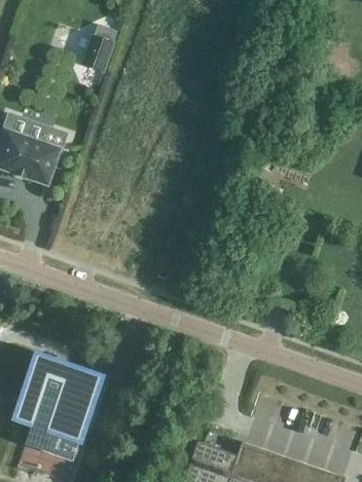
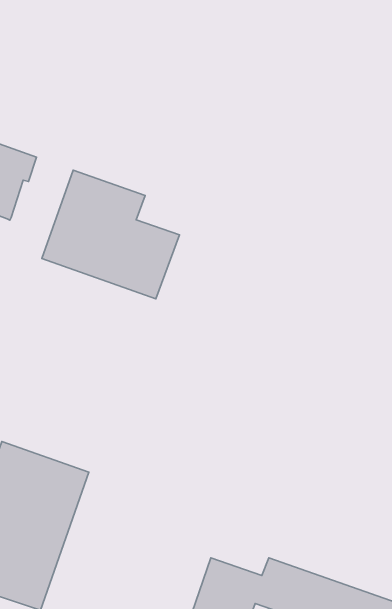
building: [83,34,111,67] -> none
building: none -> [42,170,180,299]

